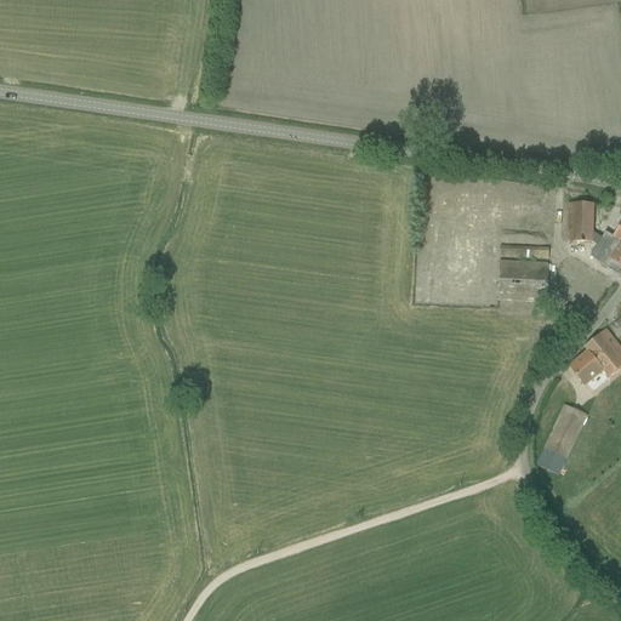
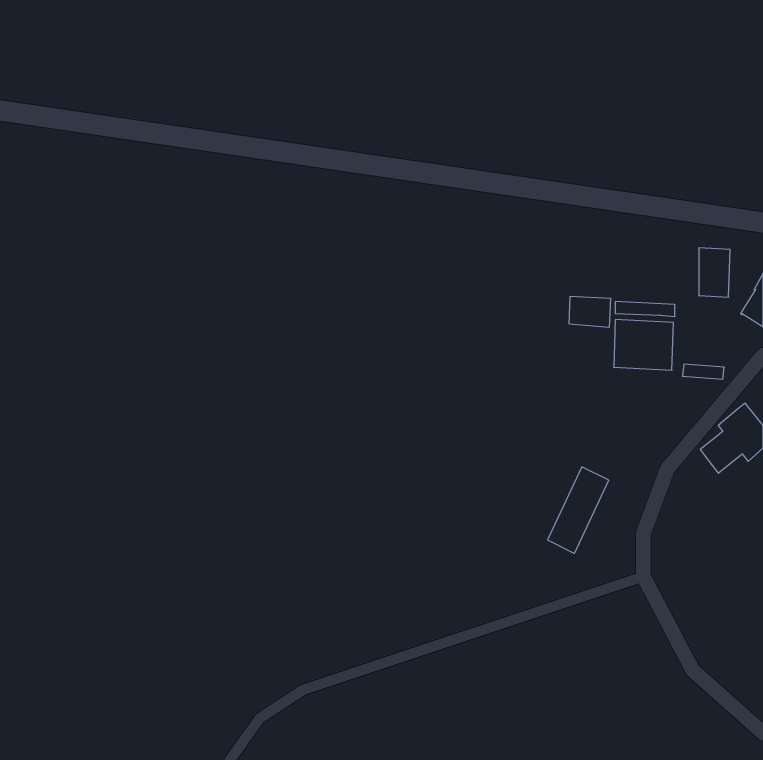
building: none -> [569,296,610,327]
building: [536,404,586,474] -> [548,467,609,553]

